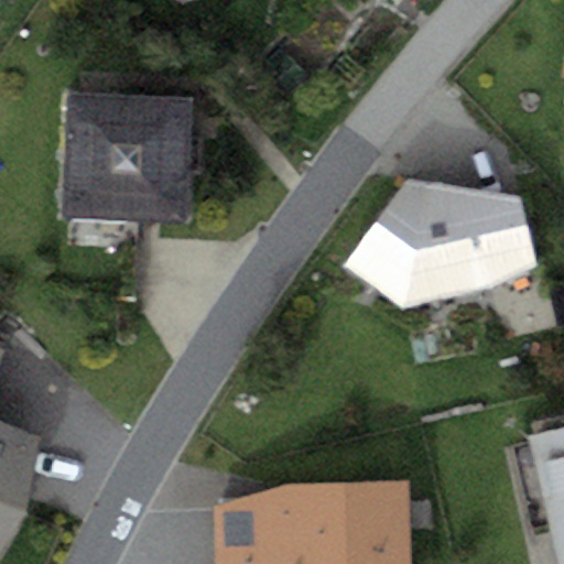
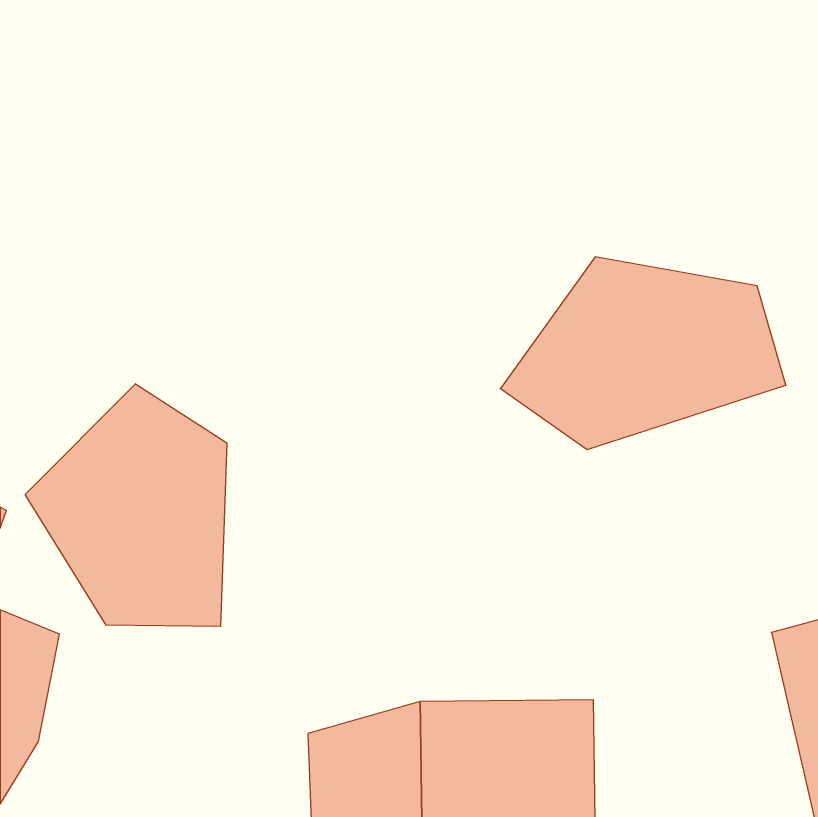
building: [63,95,194,223] -> none
building: none -> [25,384,227,626]

